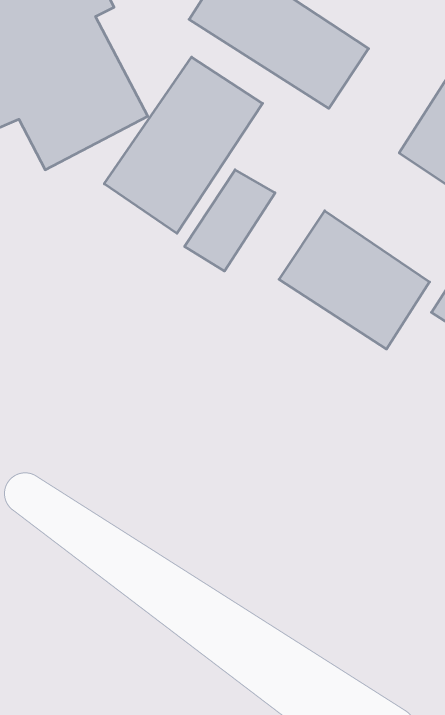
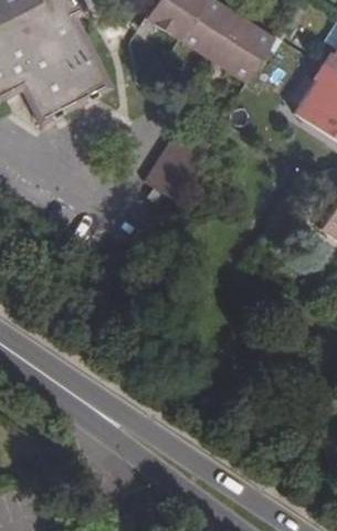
building: [104,57,263,233] -> none
building: [279,211,430,349] -> none

